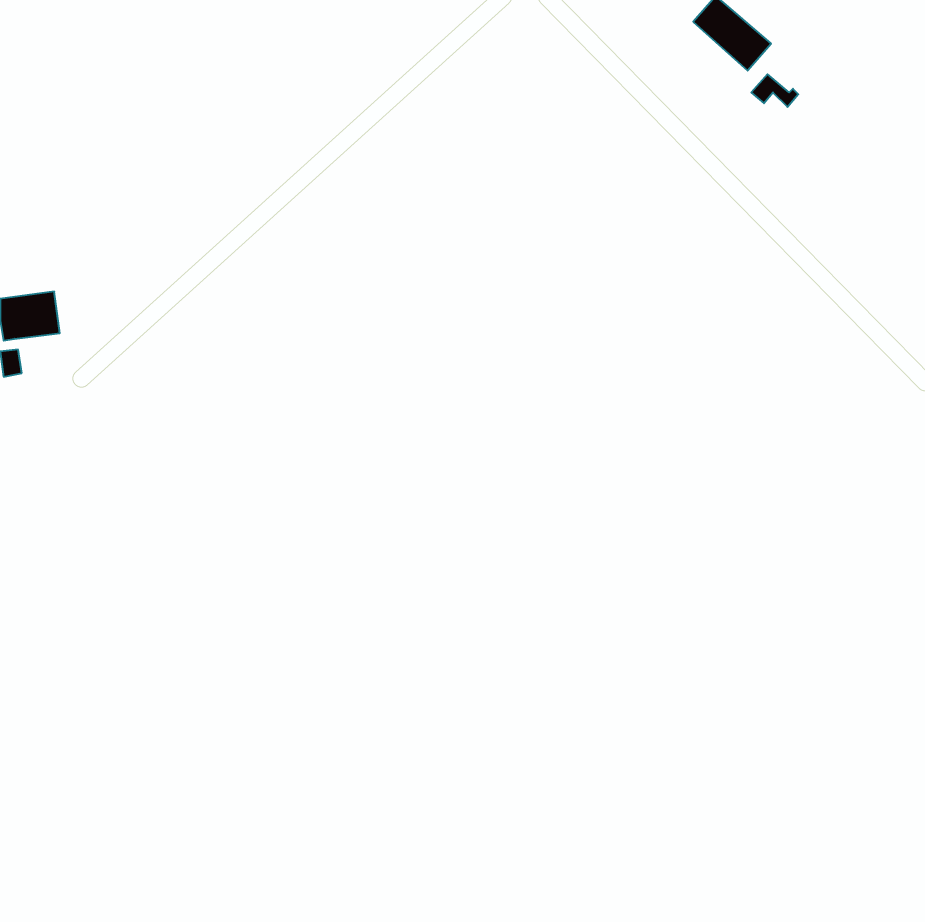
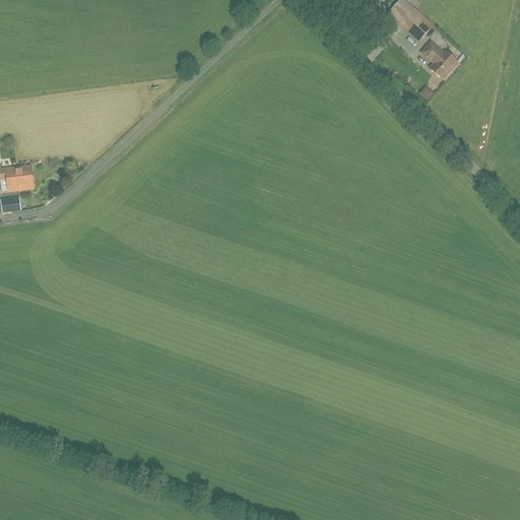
building: none -> [429,52,458,78]

